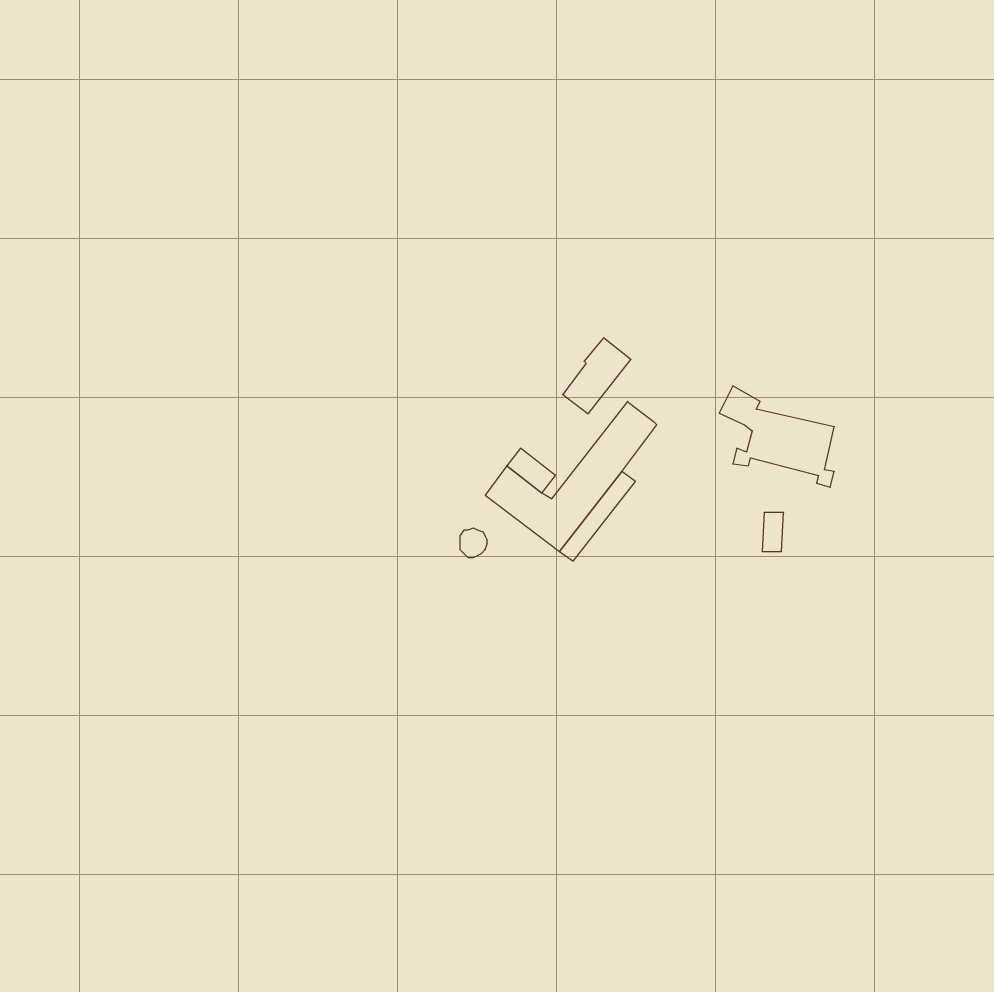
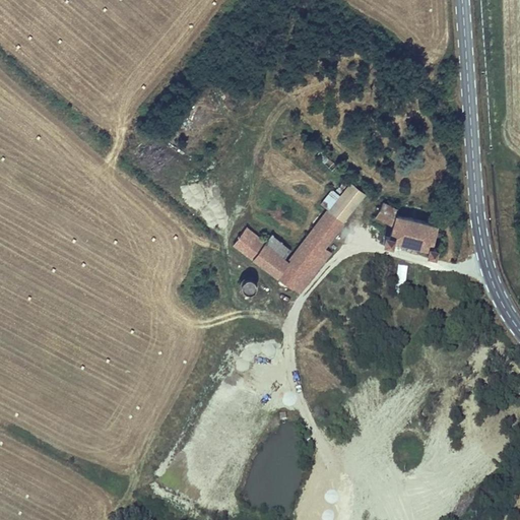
building: [563,338,631,414] -> [329,183,365,222]
building: none -> [234,229,265,260]

